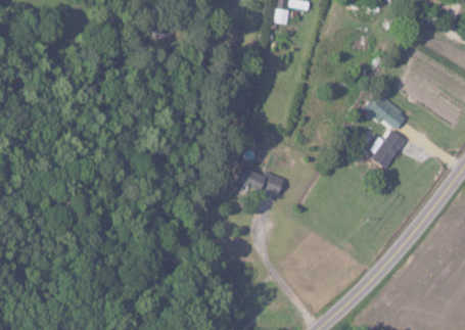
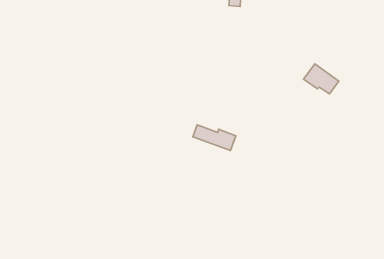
building: [370,130,407,170] -> none

